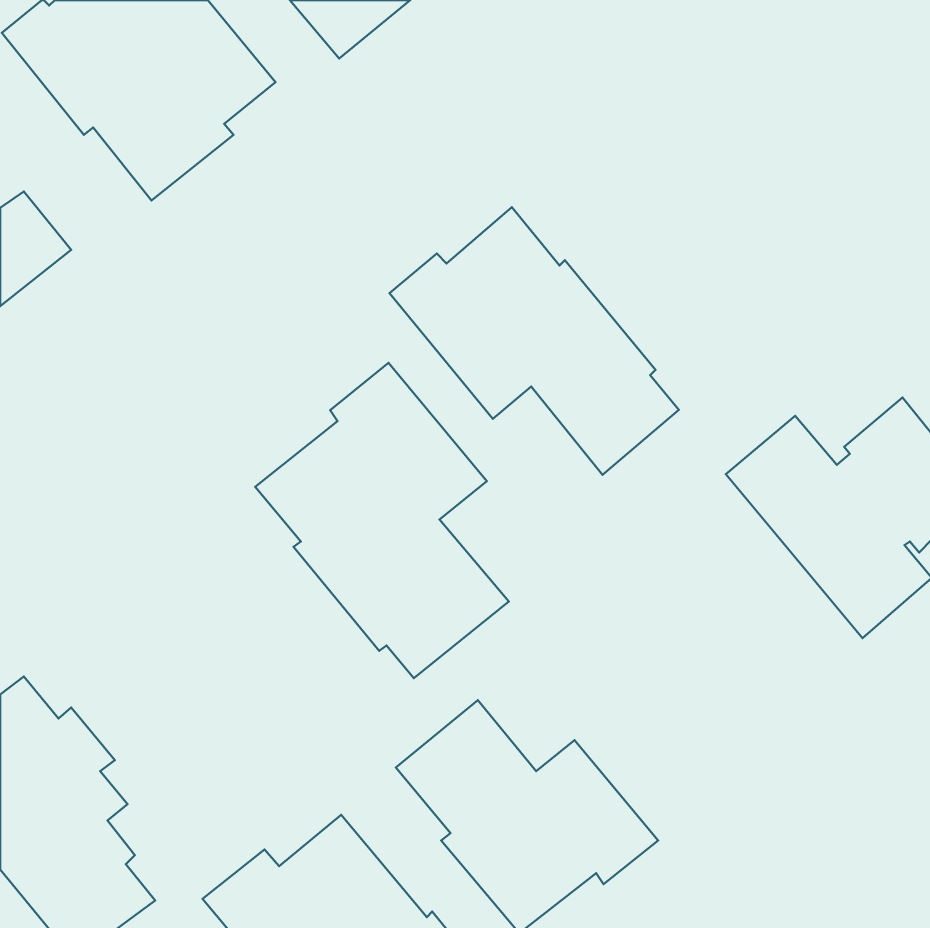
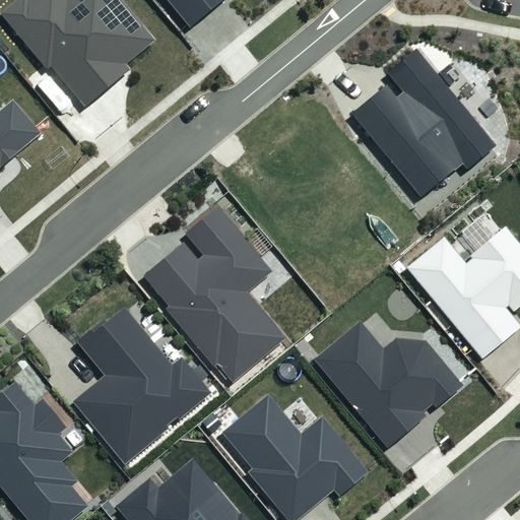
building: none -> [352,58,498,206]
building: [390,207,679,475] -> none
building: none -> [71,304,211,462]
building: none -> [313,319,461,446]

